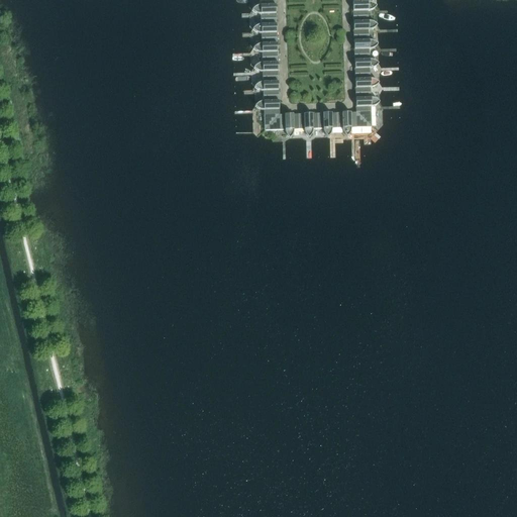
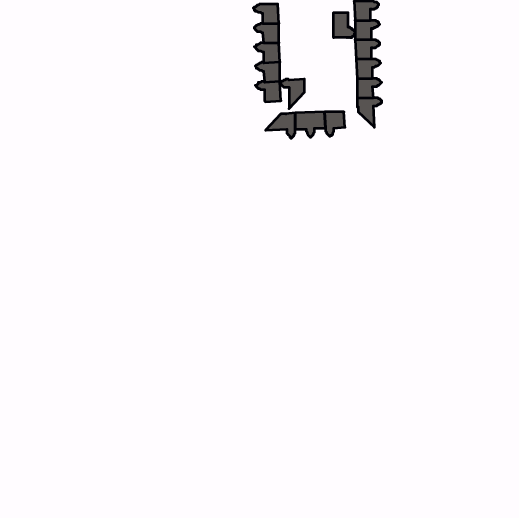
building: none -> [334,13,355,38]
building: [255,100,280,129] -> [280,79,304,109]
building: [342,111,373,135] -> none

